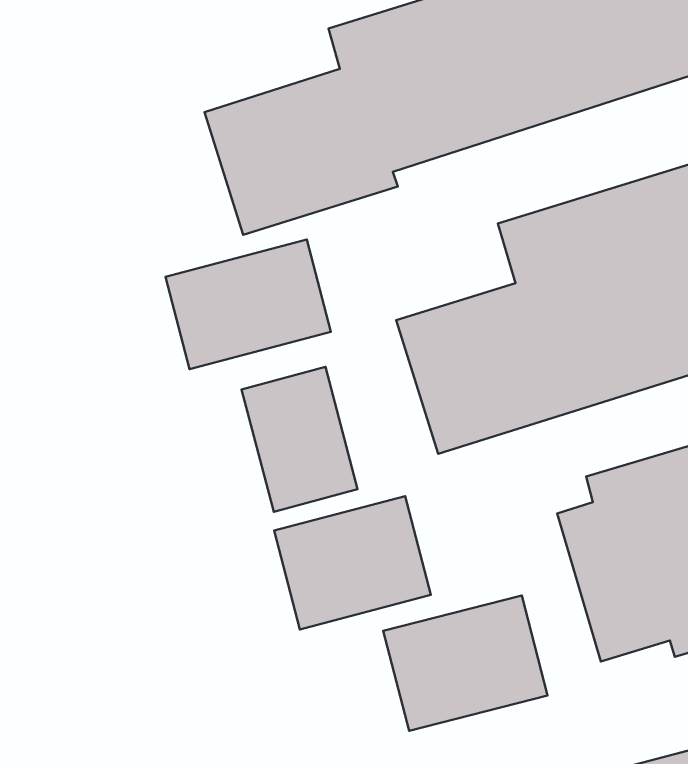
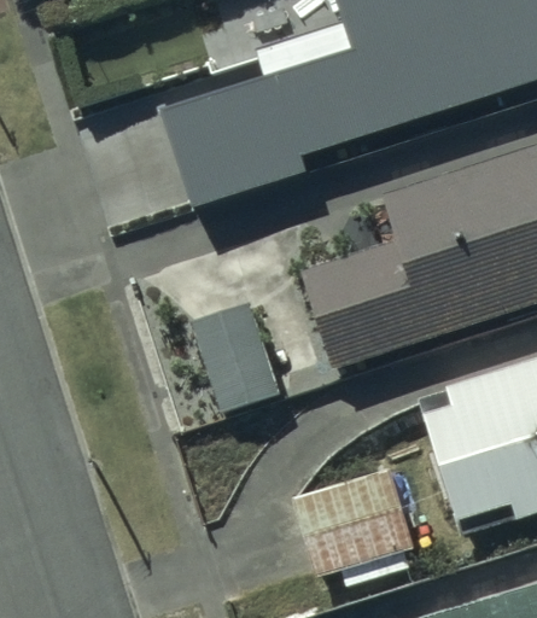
building: [165,239,331,369] -> none
building: [274,496,431,629] -> none

